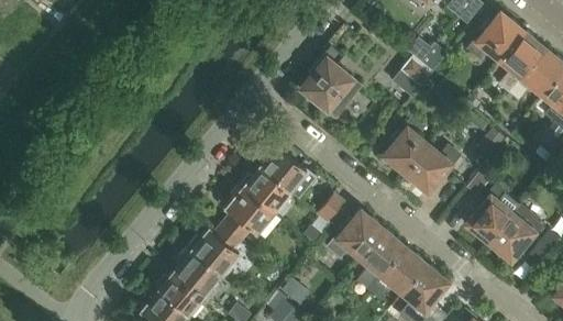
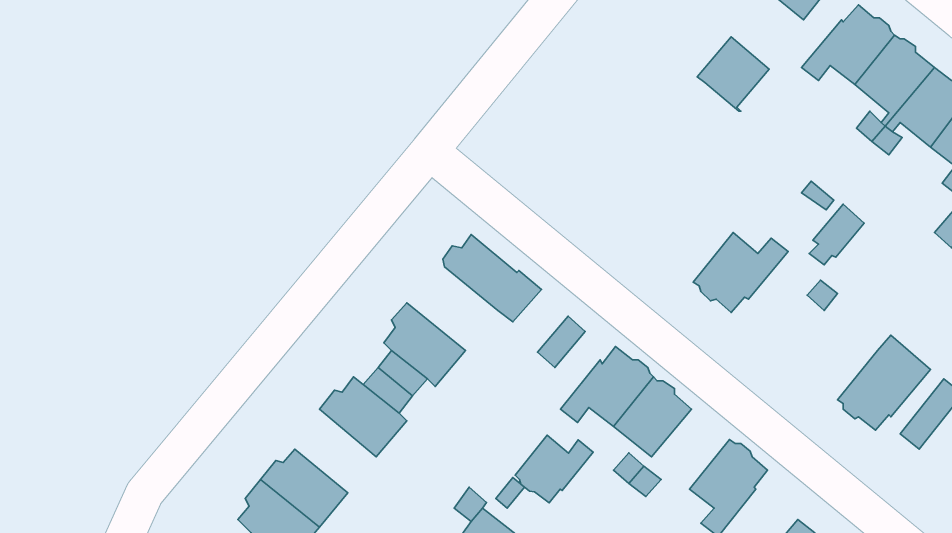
building: [301,47,361,117] -> none
building: [391,58,432,98] -> none
building: [383,117,428,174] -> none
building: [239,165,291,213] -> none
building: [466,186,511,242] -> none
building: [174,247,221,296] -> none
building: [380,247,426,294] -> none
building: none -> [515,435,593,503]

